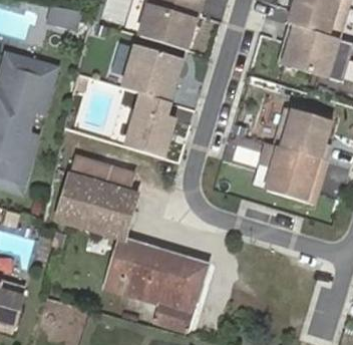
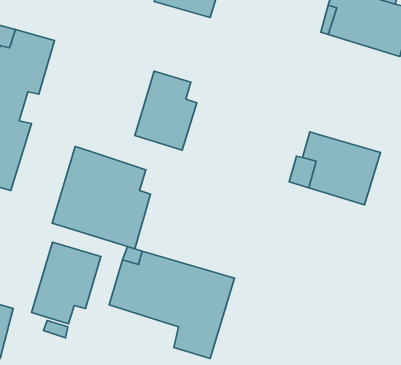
building: [103,38,184,101] -> none
building: [276,105,333,159] -> none
building: none -> [31,242,101,324]

